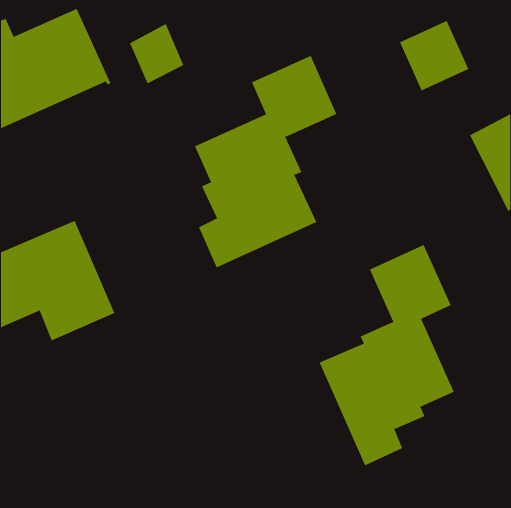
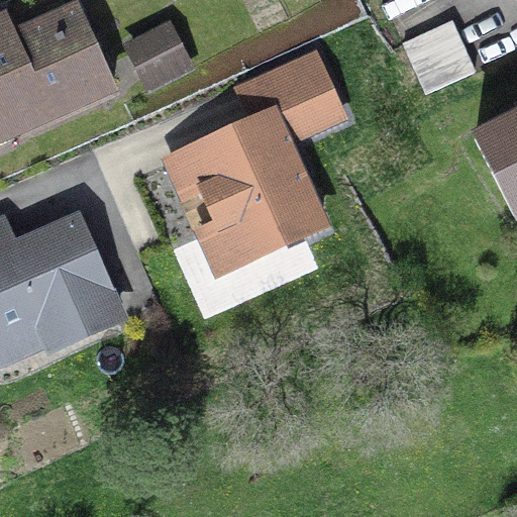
building: [319,244,455,466] -> none

